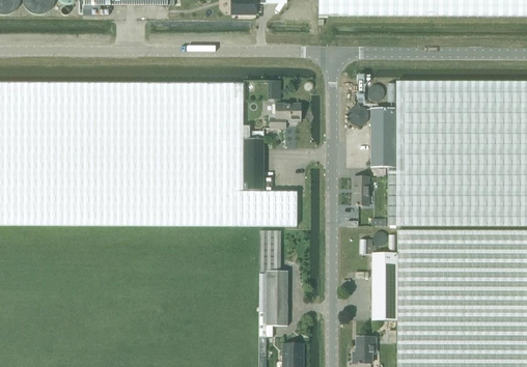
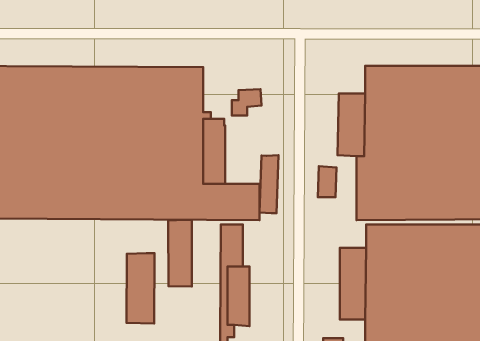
building: none -> [259,155,279,213]
building: none -> [168,220,192,287]
building: none -> [126,253,155,324]

